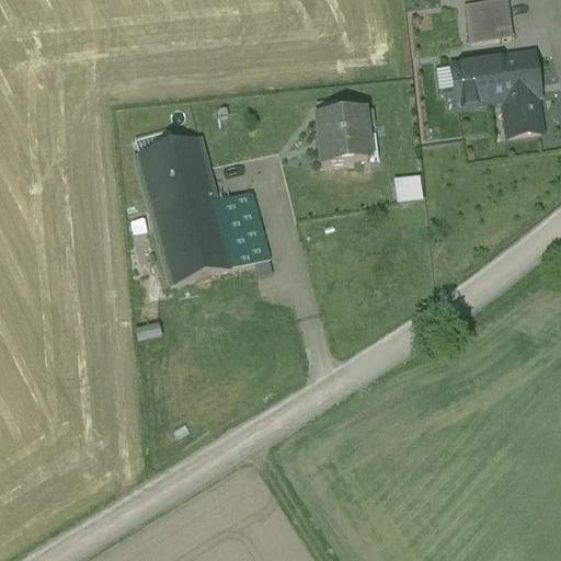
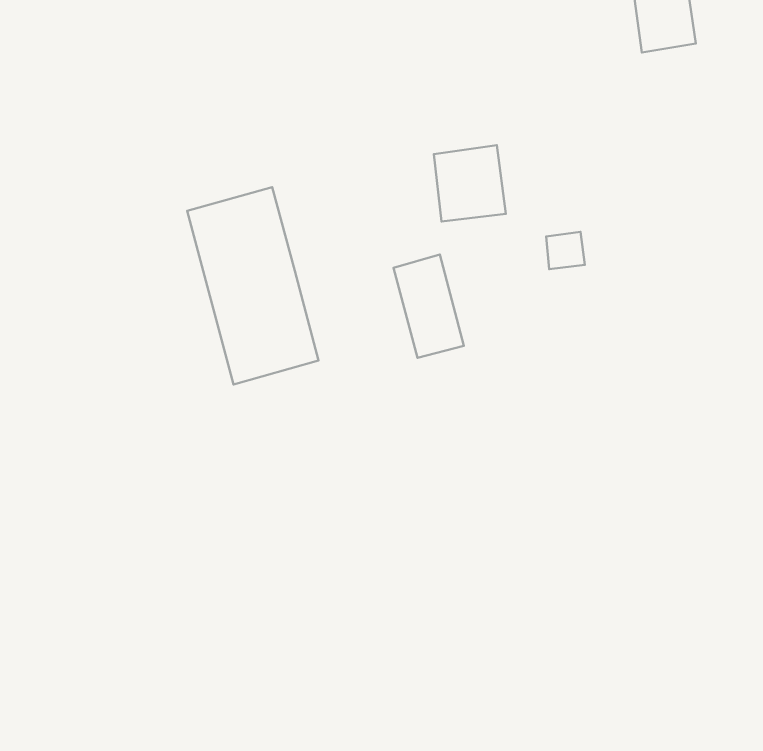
building: [451,49,540,131] -> none
building: [217,188,268,264] -> [394,255,464,358]

